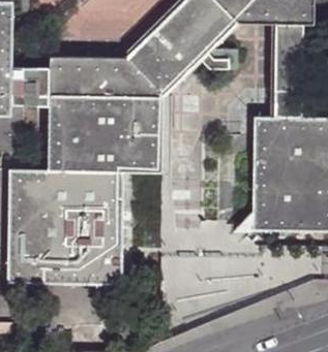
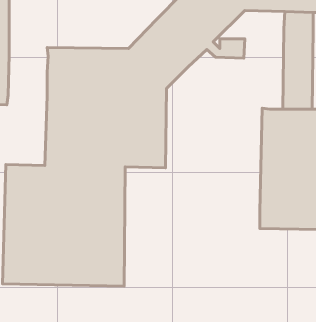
building: [12,65,51,104] -> none

